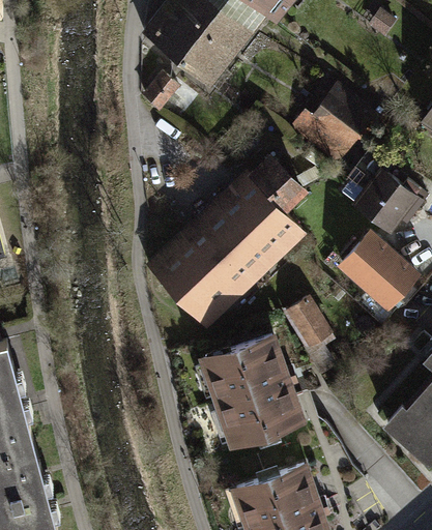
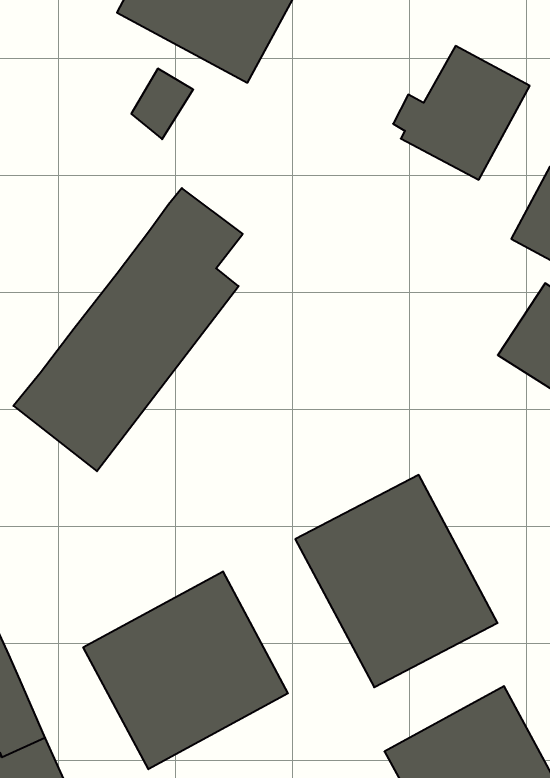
building: [152,164,301,320] -> [13,188,243,471]
building: [284,300,328,350] -> none
building: none -> [83,571,288,769]

